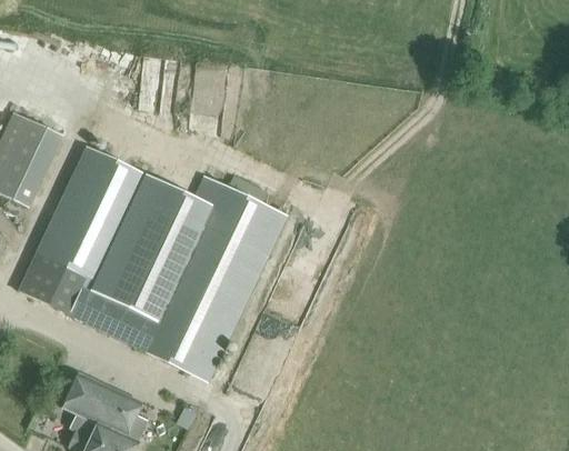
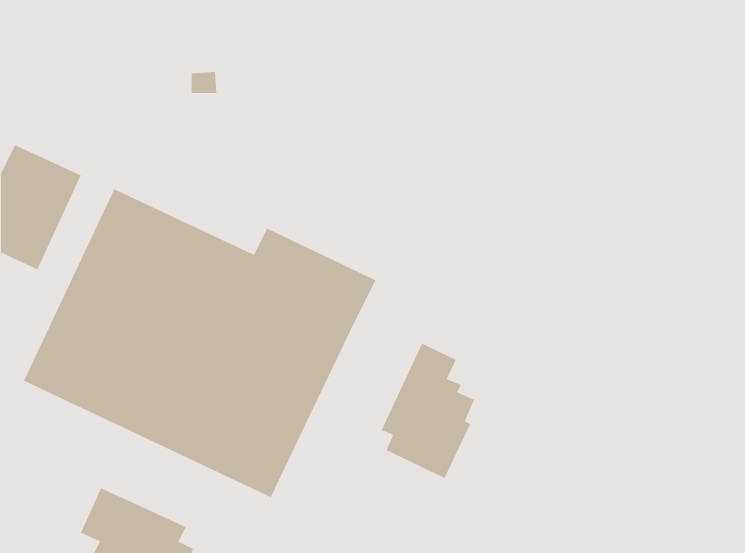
building: none -> [381,343,475,479]

